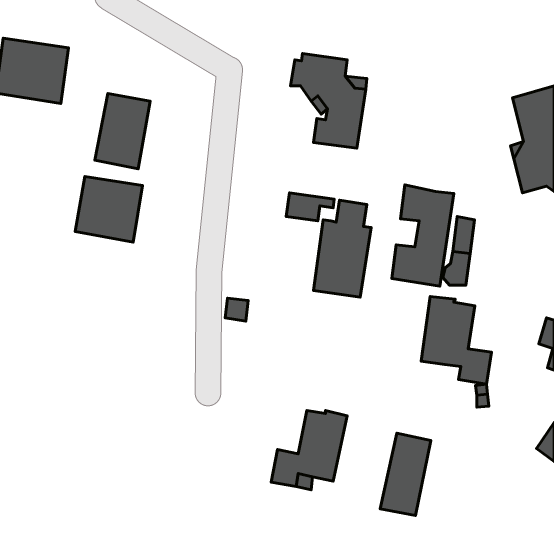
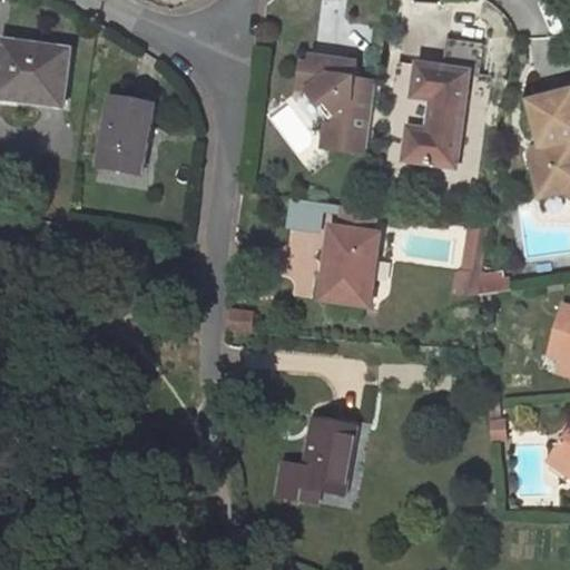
building: [75,177,142,242] -> none
building: [392,185,454,286] -> [404,62,468,166]
building: [421,296,492,384] -> none
building: [380,433,431,516] -> none

